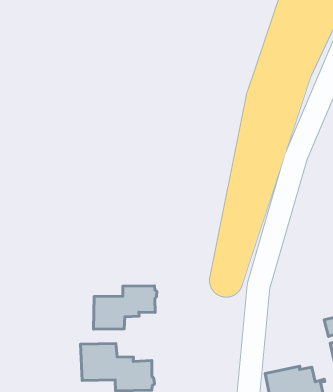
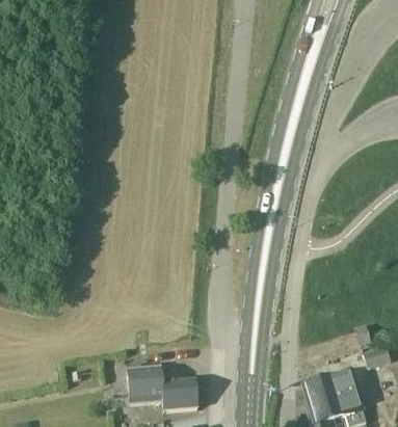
building: [94,286,157,329] -> none

